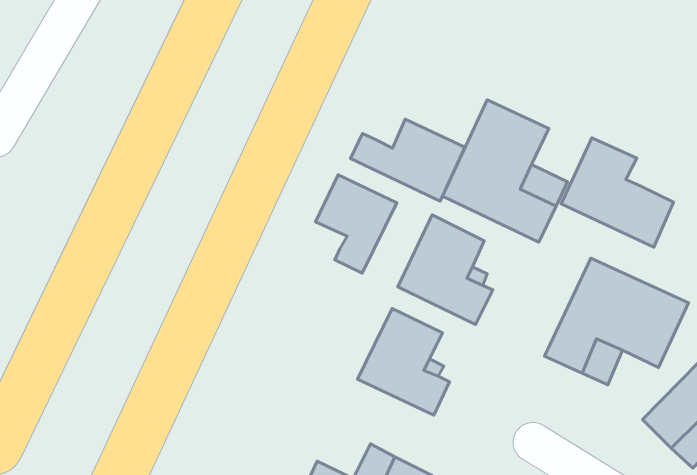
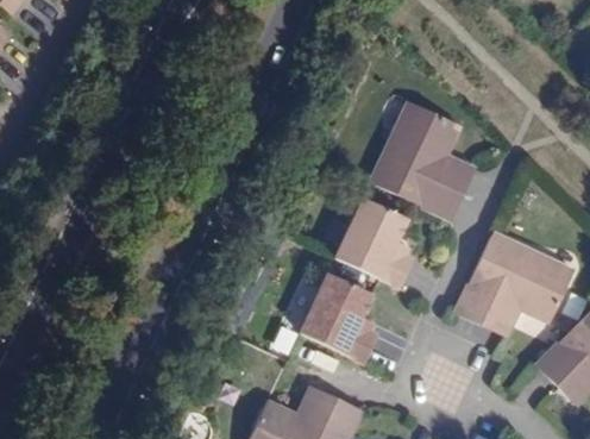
building: [350,119,465,201] -> none
building: [561,138,673,247] -> none
building: [316,175,397,273] -> none

